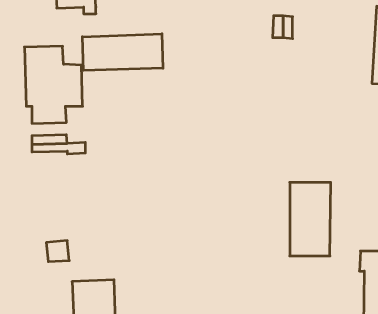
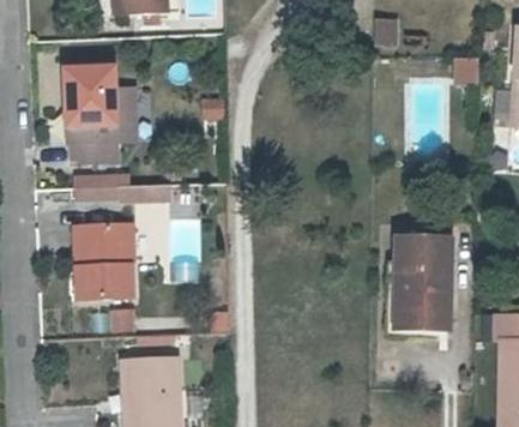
building: [82,34,163,70] -> none
building: none -> [78,224,133,296]

